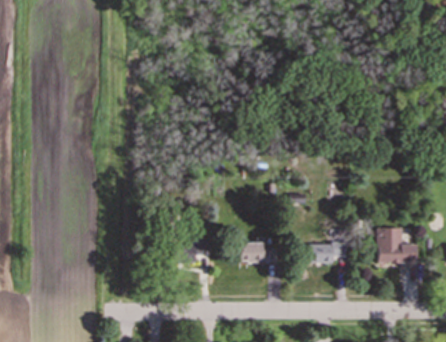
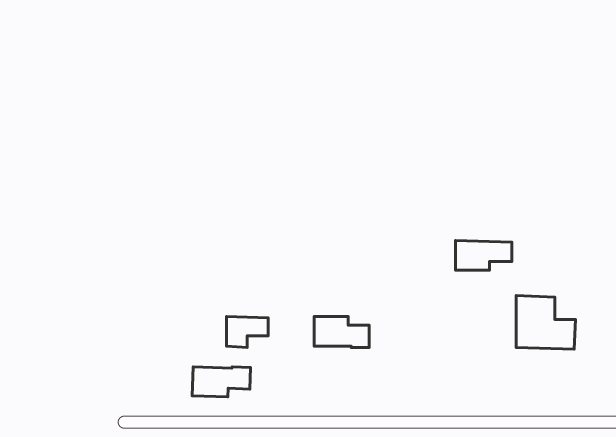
building: [310,243,348,263] -> [455,241,512,270]
building: none -> [192,367,251,397]

